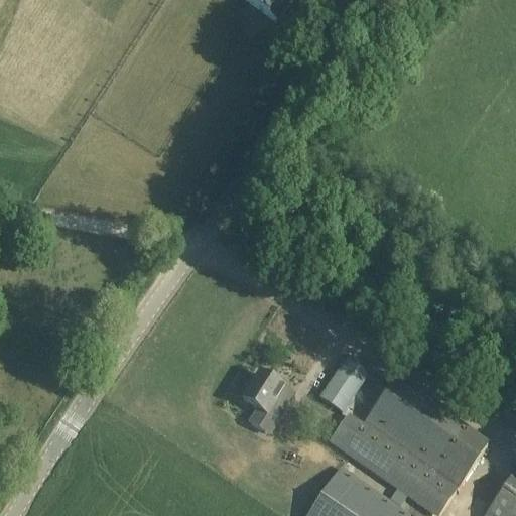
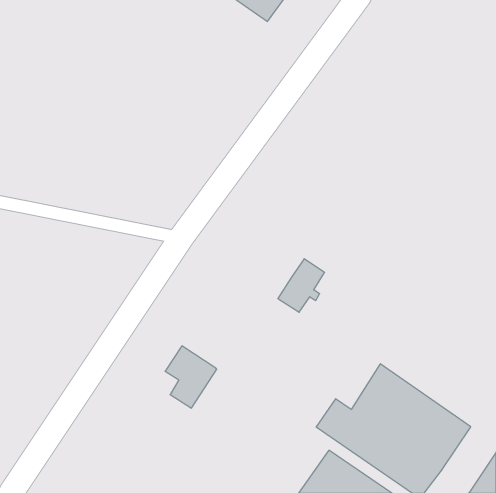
building: [319,358,368,413] -> [278,259,325,312]
building: [241,371,294,435] -> [165,346,217,408]

